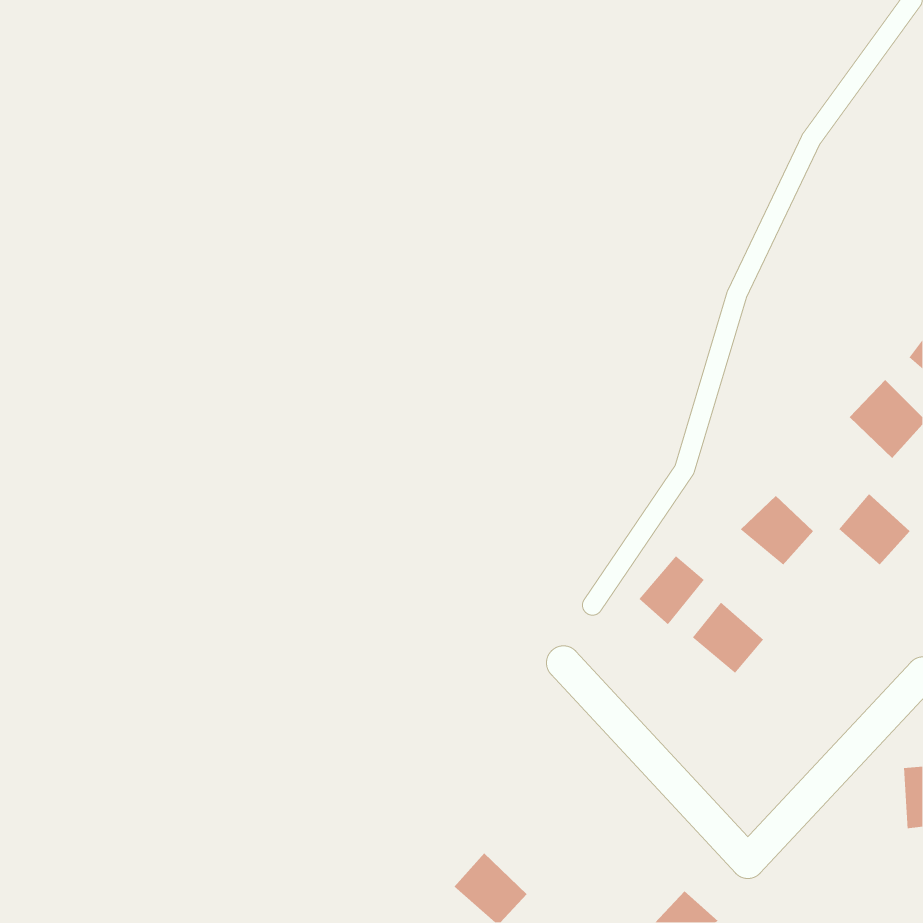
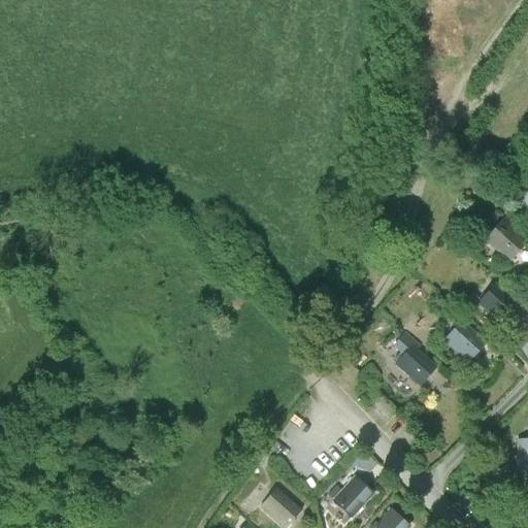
building: [740,495,814,565] -> [443,321,486,361]
building: [639,555,705,625] -> none
building: none -> [332,474,374,518]

